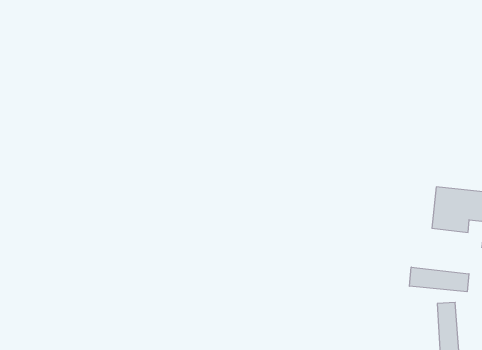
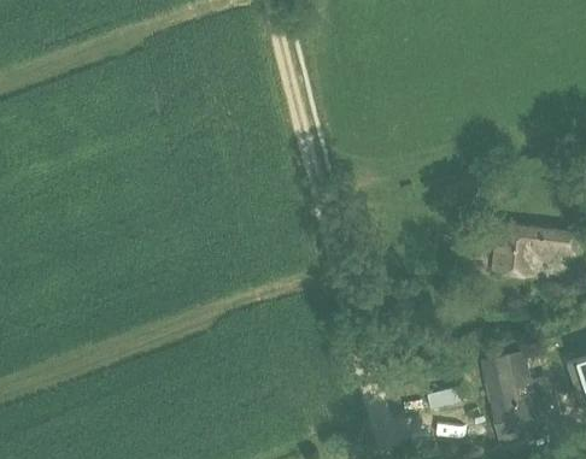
building: [409,267,469,292] -> none

